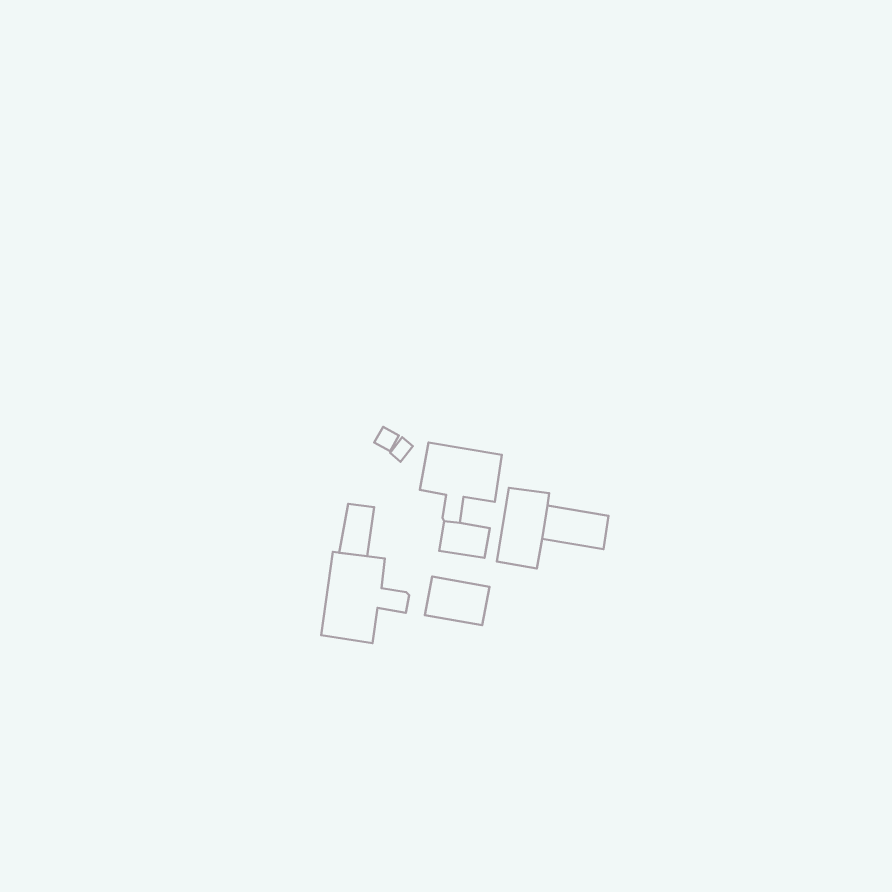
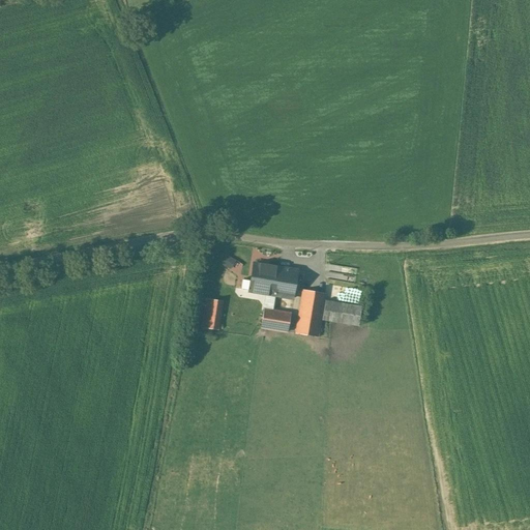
building: [321,552,409,643] -> none
building: [425,577,489,625] -> none

